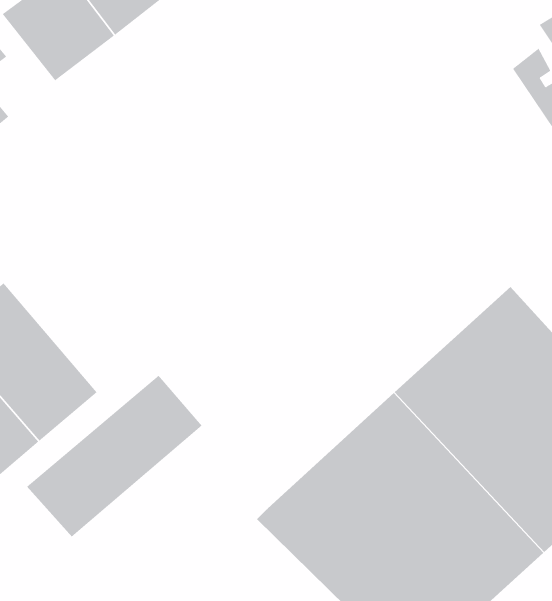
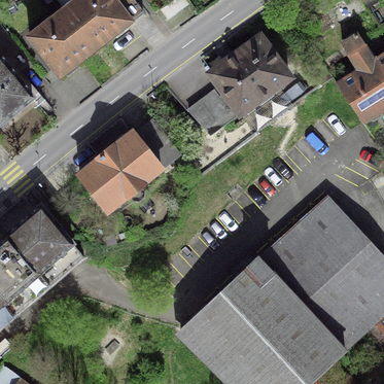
building: none -> [169,38,289,135]
building: none -> [79,108,180,212]
building: [26,375,203,537] -> none

